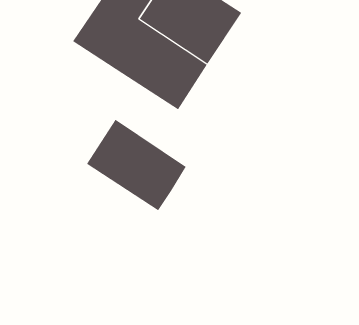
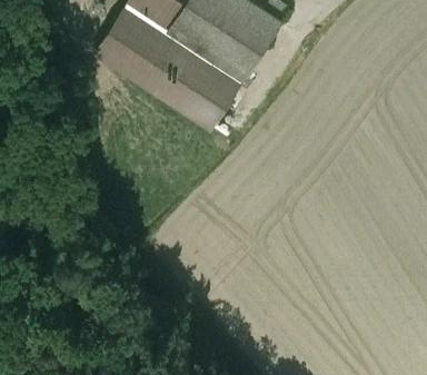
building: [86,119,187,211] -> none

